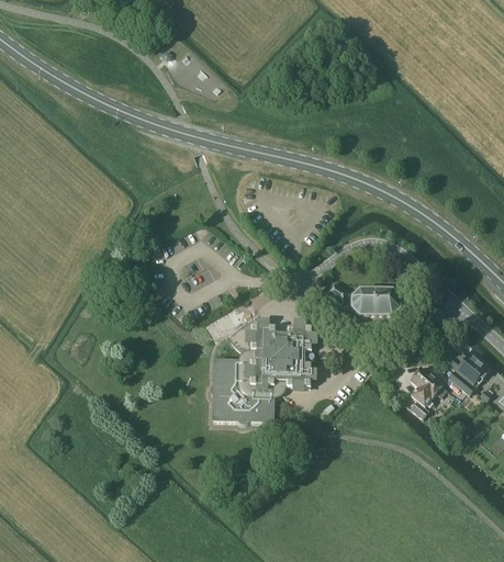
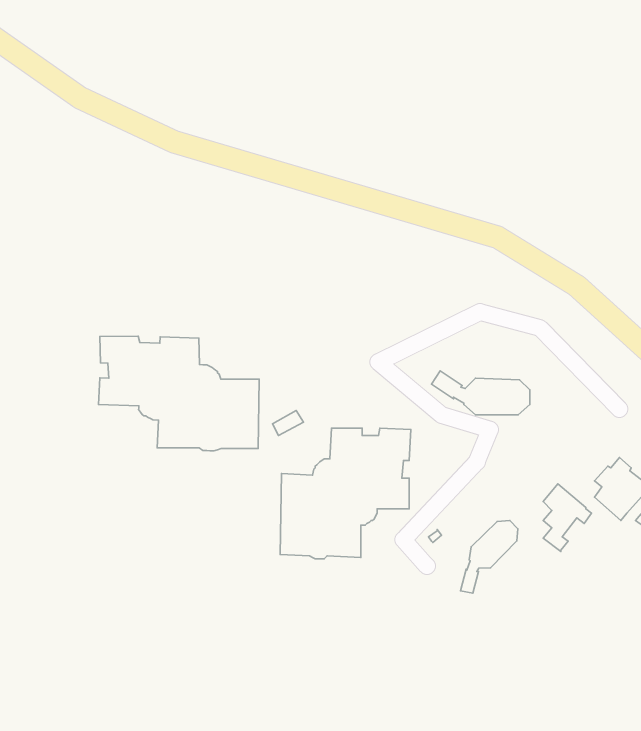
building: none -> [99,336,259,451]
building: none -> [460,520,518,593]

